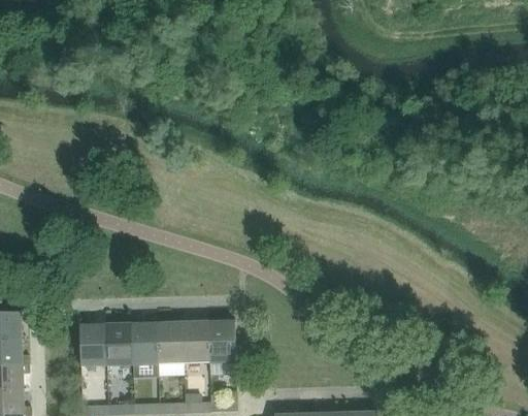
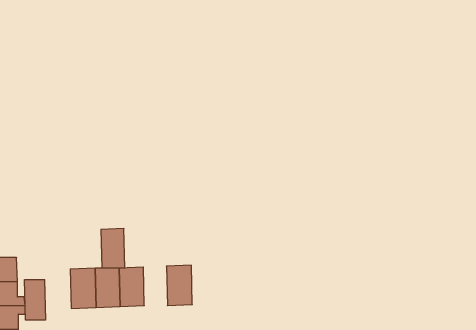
building: [208,320,235,362] -> none
building: [157,321,183,363] -> [101,229,125,268]
building: none -> [25,280,45,320]

